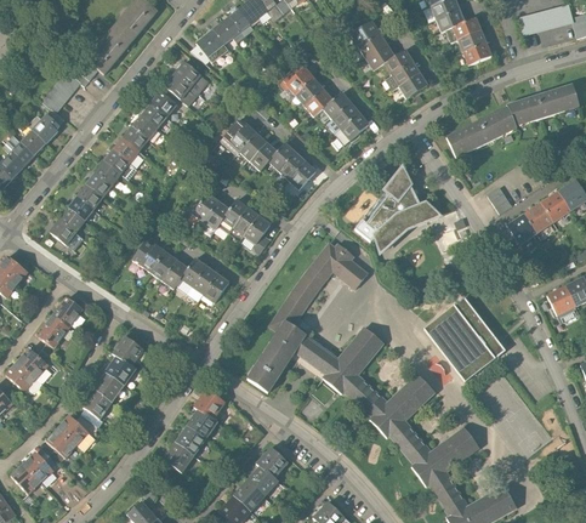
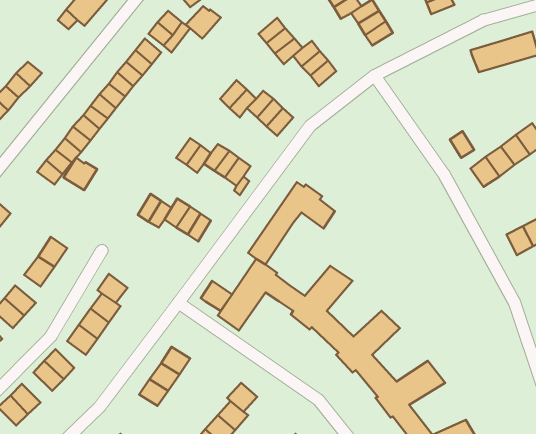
building: [41,70,79,113] -> none
building: [445,106,517,157] -> none
building: [226,120,262,154] -> [186,6,221,38]
building: [364,165,439,252] -> none
building: [137,239,172,273] -> [63,158,97,190]
building: [421,296,503,381] -> none
building: [189,390,222,421] -> [201,281,232,311]

